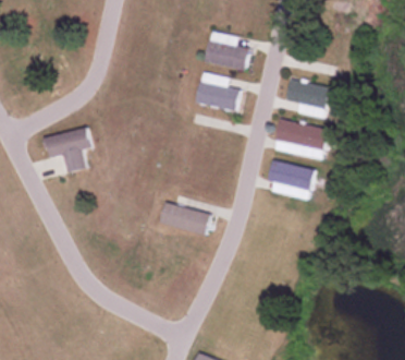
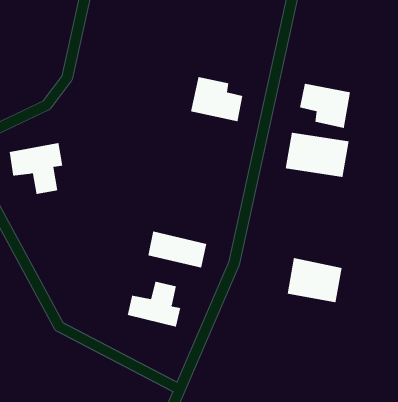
building: [205,32,249,70] -> none
building: [268,160,315,199] -> [287,257,342,303]
building: none -> [127,281,181,327]

